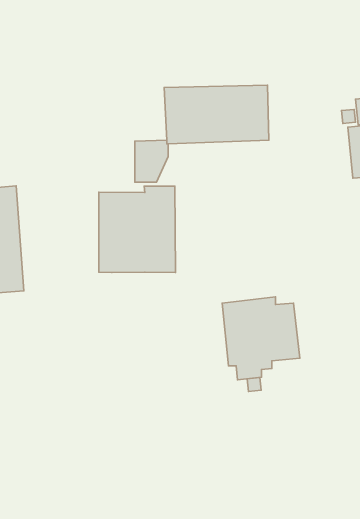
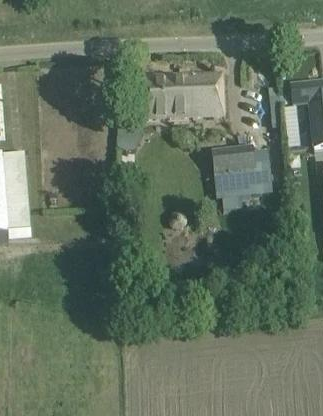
building: [99,186,176,272] -> none
building: [222,297,300,380] -> [211,144,272,209]

